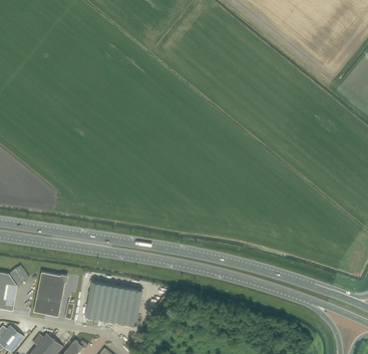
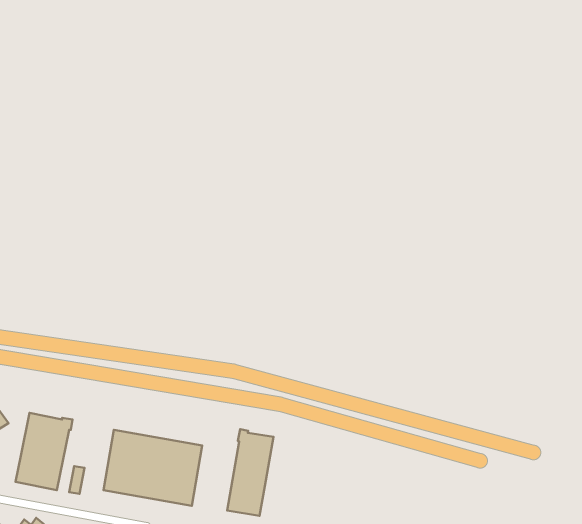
building: none -> [227,429,274,516]

